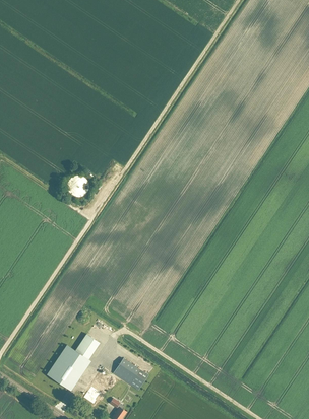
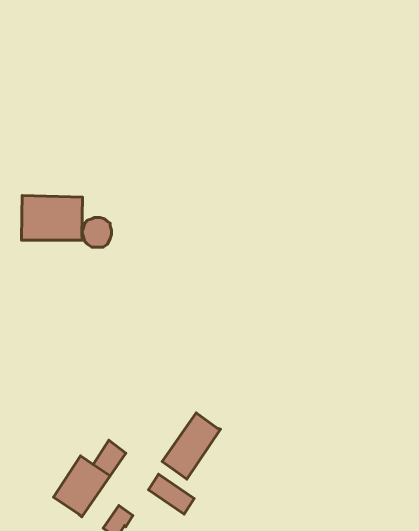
building: none -> [21,196,83,240]
building: none -> [162,413,221,479]

